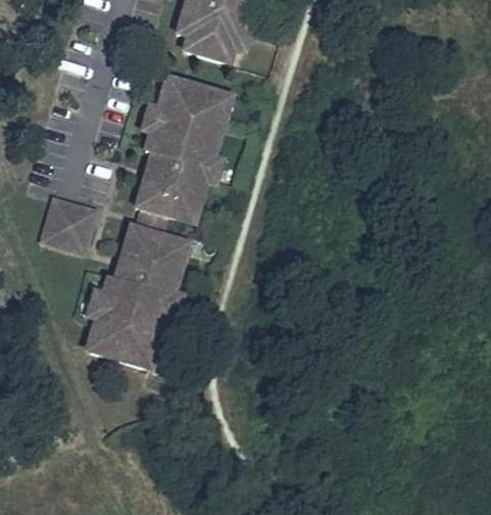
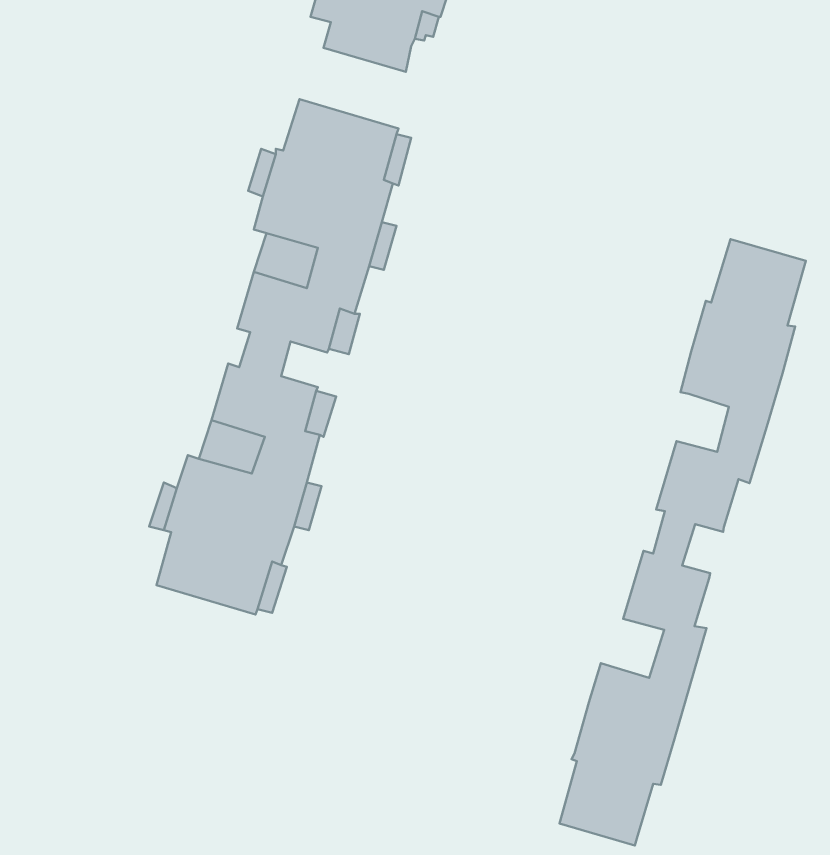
building: none -> [560,239,806,845]
building: [41,198,94,251] -> none

